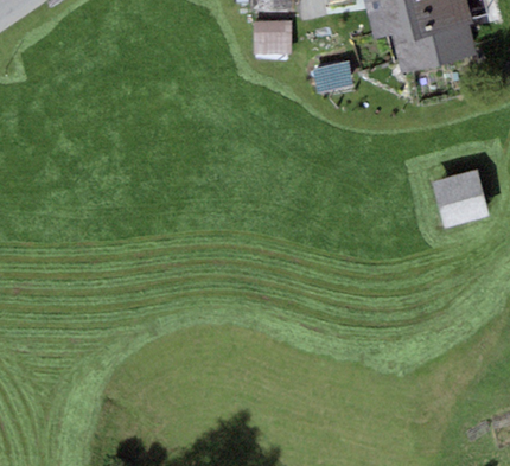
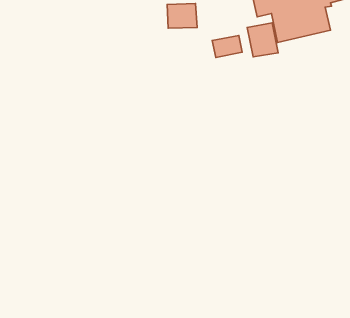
building: none -> [247,23,278,57]
building: [432,171,489,226] -> none

